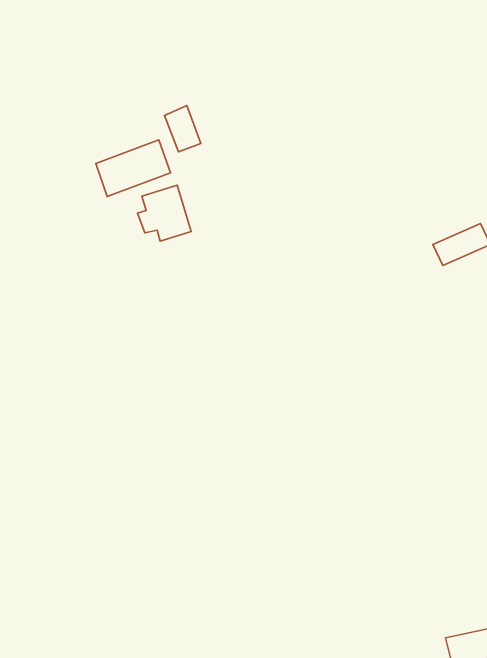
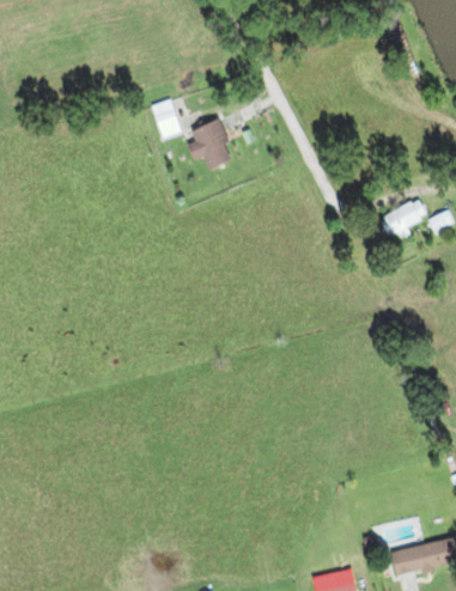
building: [96,140,170,197] -> none
building: [138,185,191,241] -> [187,118,232,166]

